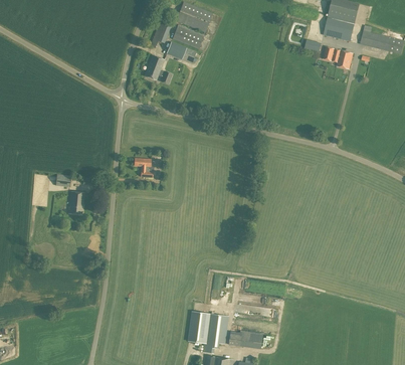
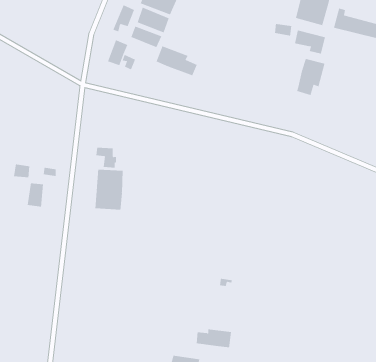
building: none -> [156,46,198,76]
building: none -> [297,58,325,96]
building: none -> [95,169,123,211]
building: [188,311,228,353] -> none

